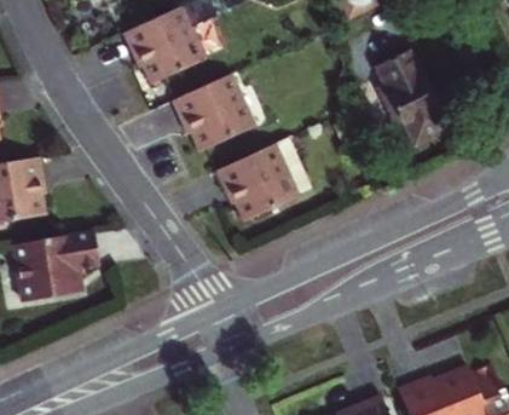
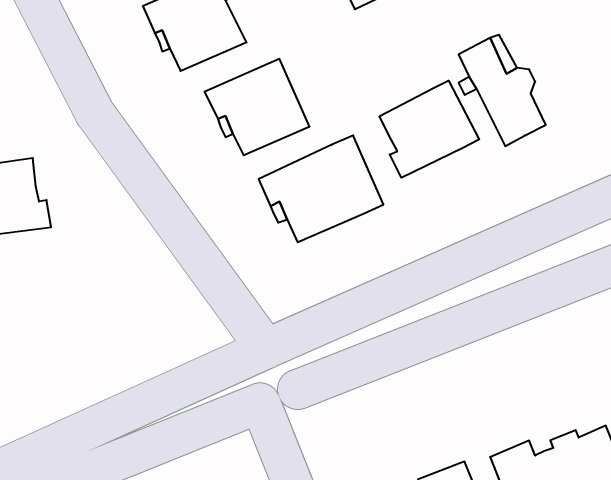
building: none -> [380,81,479,178]
building: [16,229,100,300] -> none

